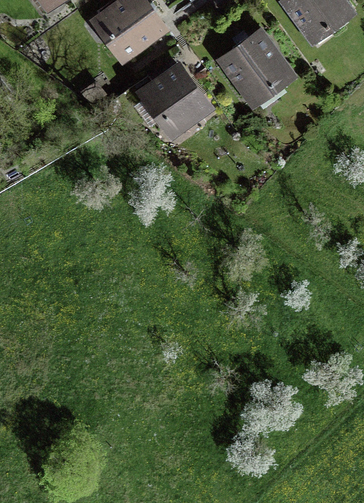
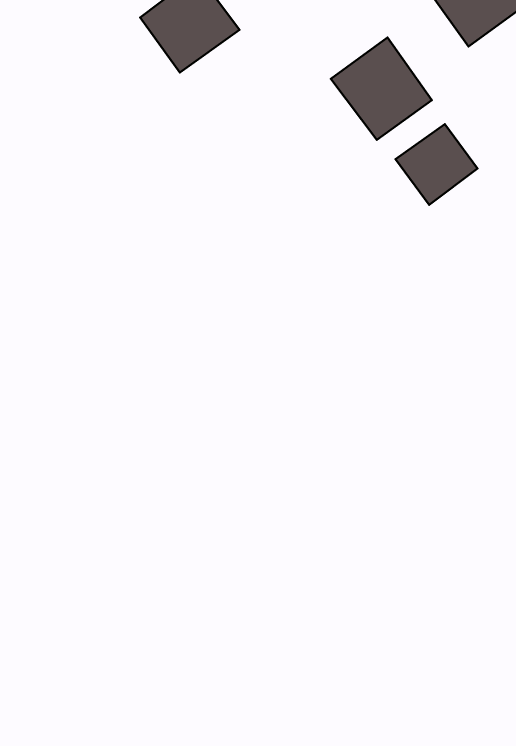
building: [143,67,207,133] -> none
building: none -> [396,124,477,205]

